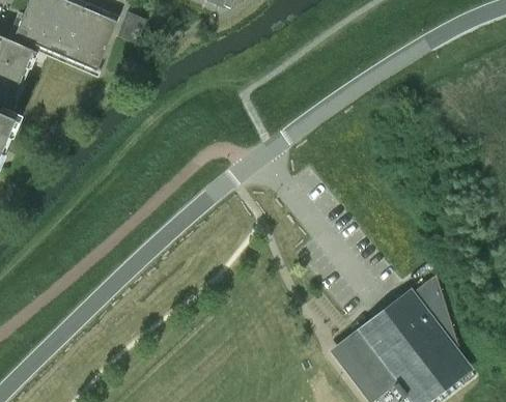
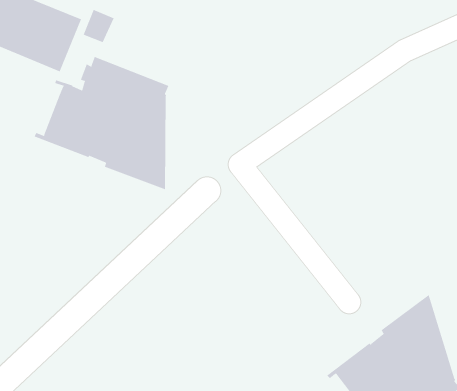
building: none -> [34,56,169,190]

